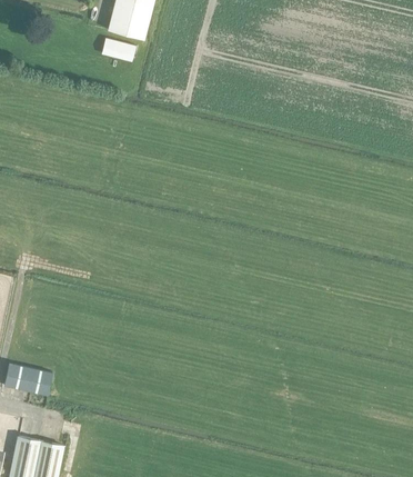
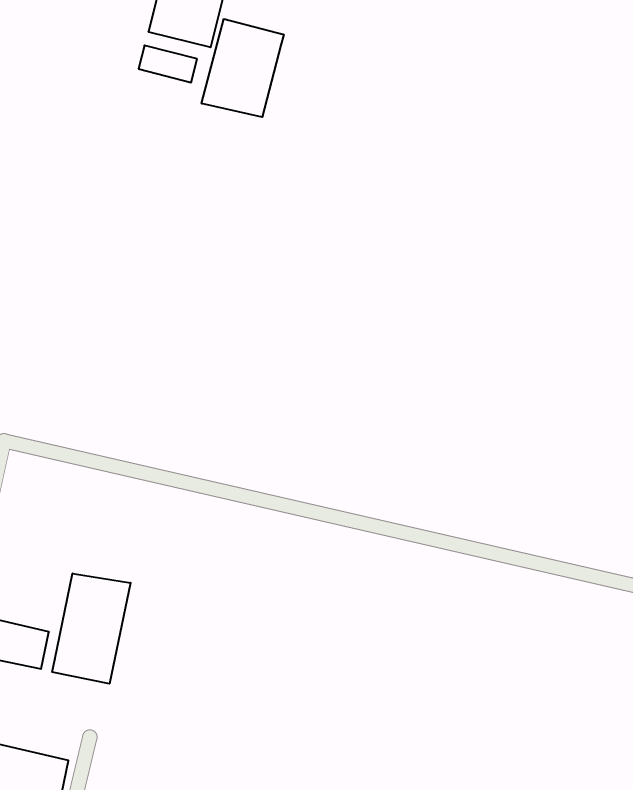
building: none -> [202,19,284,117]
building: none -> [52,573,131,684]

